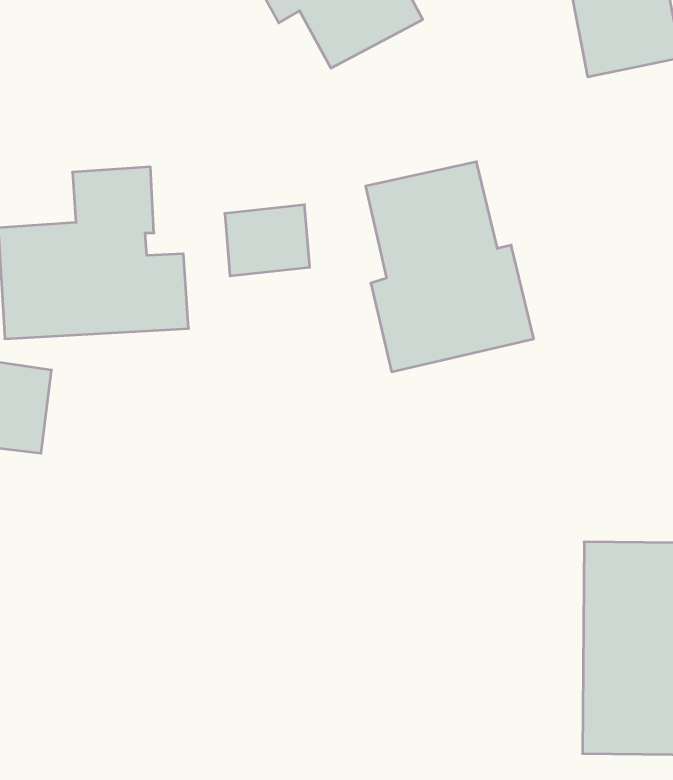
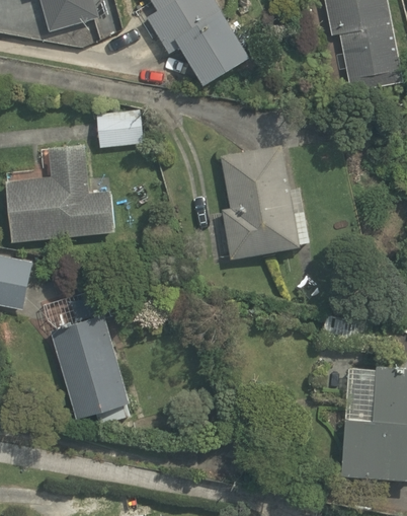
building: [225,205,310,276] -> [93,105,143,147]
building: none -> [38,288,128,418]

